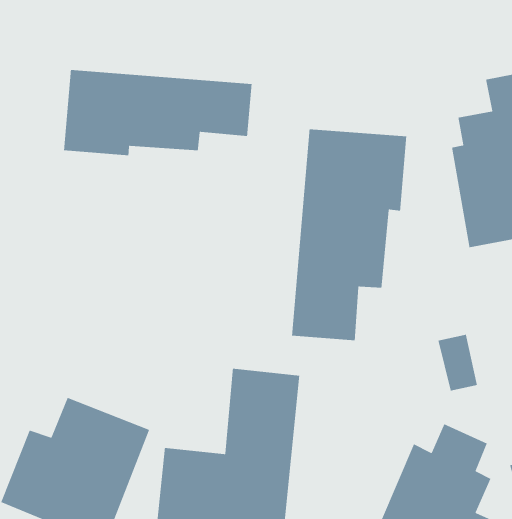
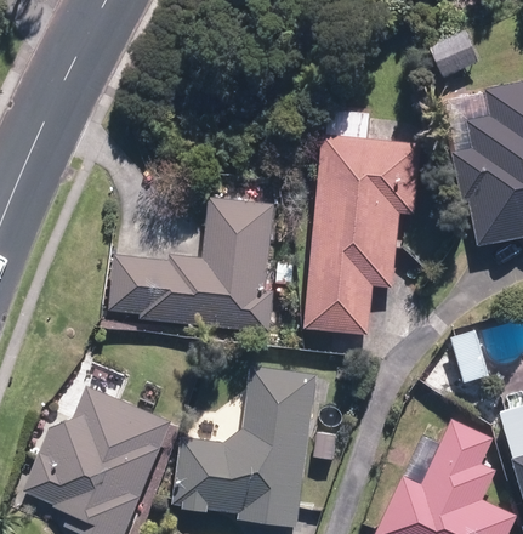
building: [63,69,252,156] -> none
building: none -> [106,194,278,334]

